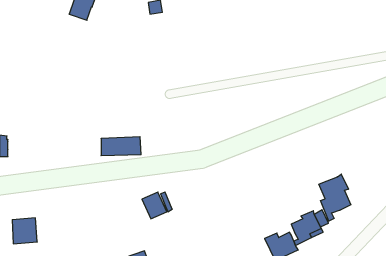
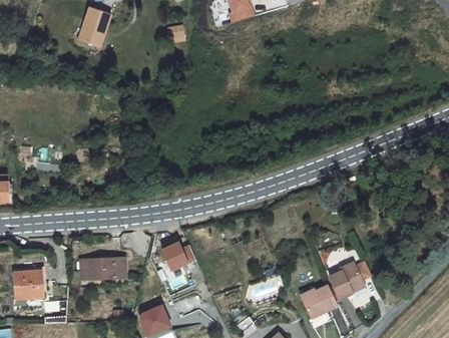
building: [101,137,141,156] -> [80,258,125,279]
building: [319,174,351,221] -> none

